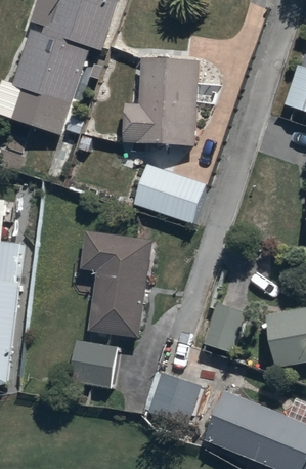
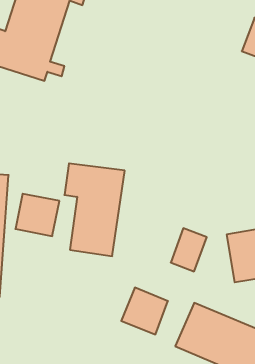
building: [121,57,196,144] -> none
building: [134,165,204,222] -> none
building: [67,341,117,389] -> [15,194,59,236]

